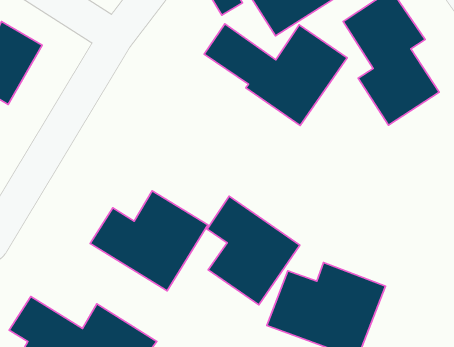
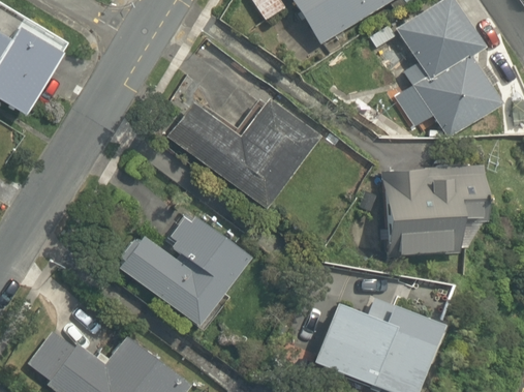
building: [204,24,347,126] -> [162,99,319,211]
building: none -> [381,161,489,255]
building: [207,196,300,305] -> none

